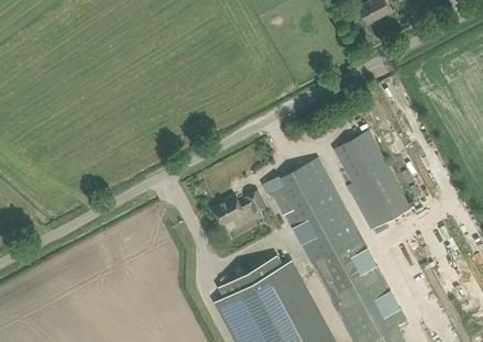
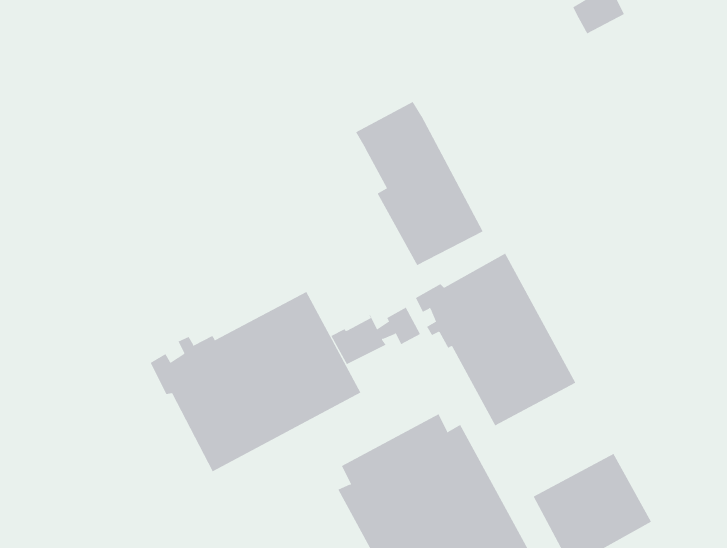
building: [333,131,411,231] -> [355,101,484,266]
building: none -> [150,291,361,472]
building: [311,236,384,306] -> none

